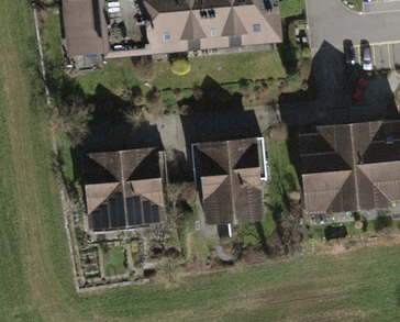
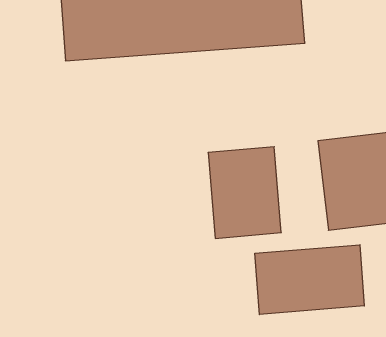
building: [82,147,164,229] -> none
building: none -> [255,245,364,315]

